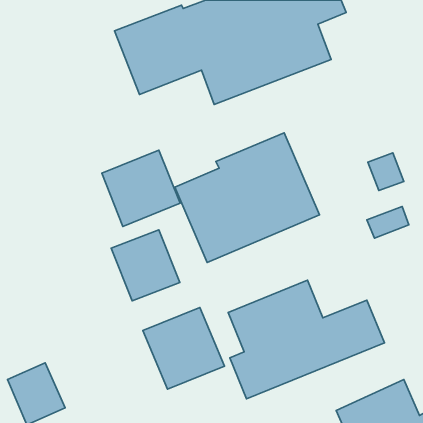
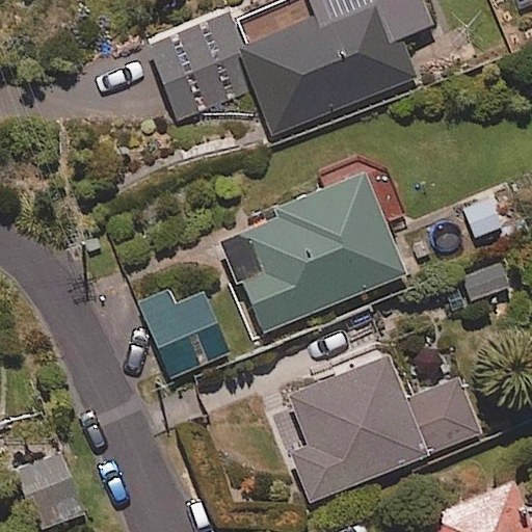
building: [102,150,180,227] -> none
building: [143,307,224,389] -> none

